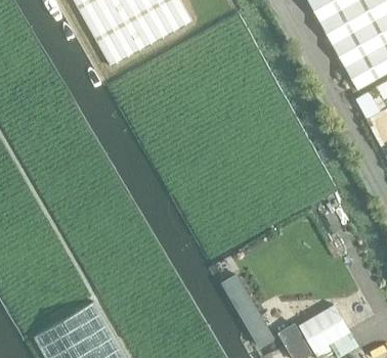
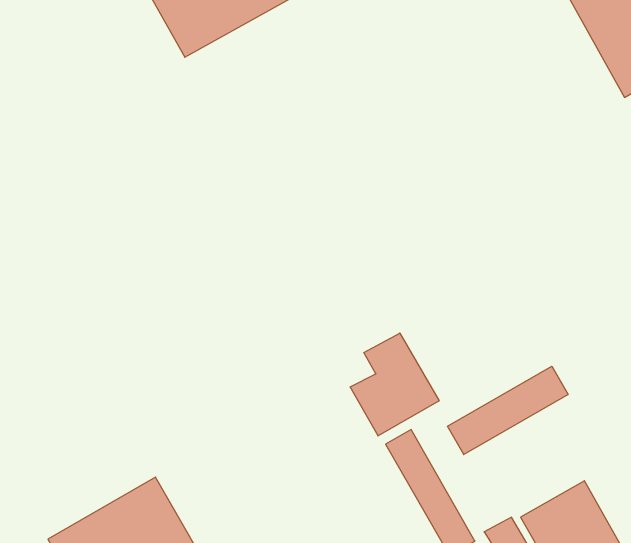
building: none -> [350,333,439,436]
building: none -> [447,366,568,455]

